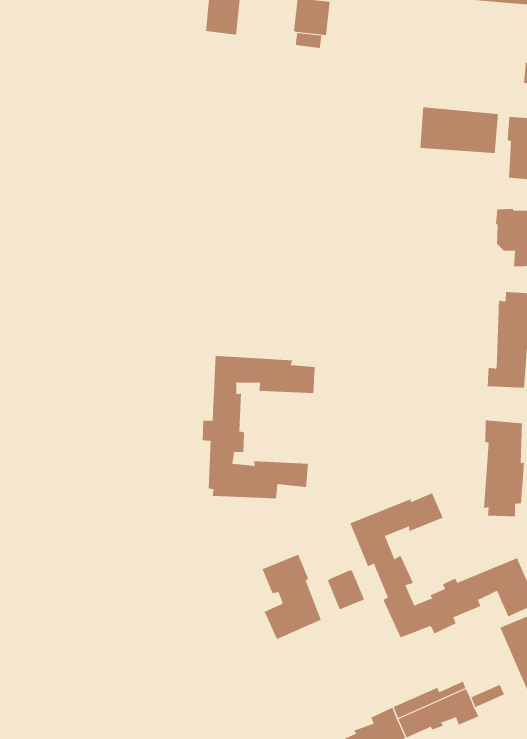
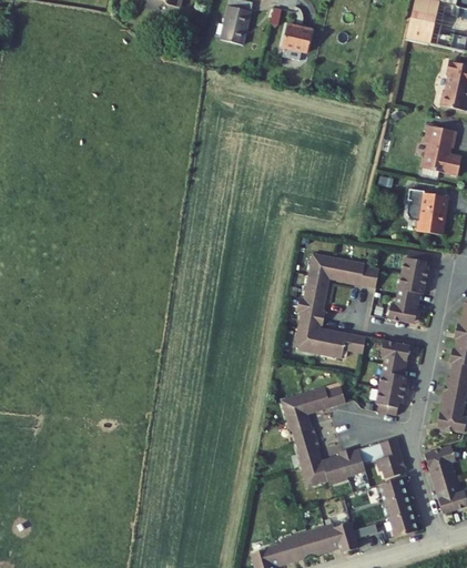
building: [420,106,498,154] -> none
building: [202,356,316,499] -> [294,250,380,356]
building: [262,554,321,640] -> none
building: [327,570,365,610] -> none

